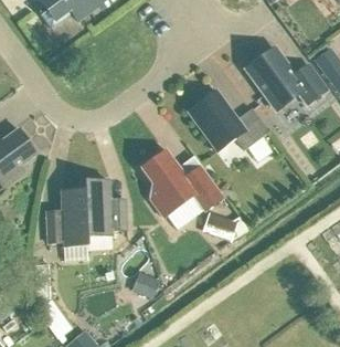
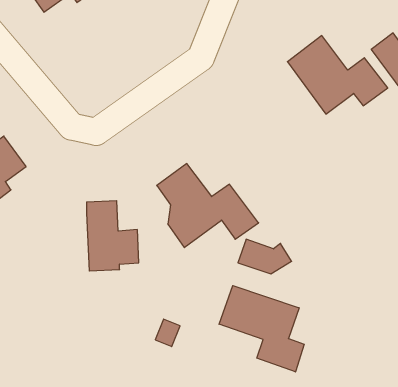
building: [188,90,269,150] -> none
building: [46,189,88,260] -> none
building: none -> [219,286,304,372]

